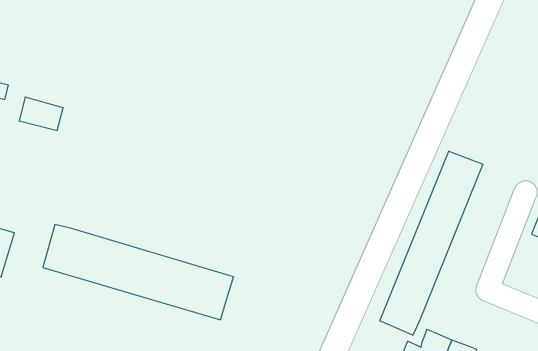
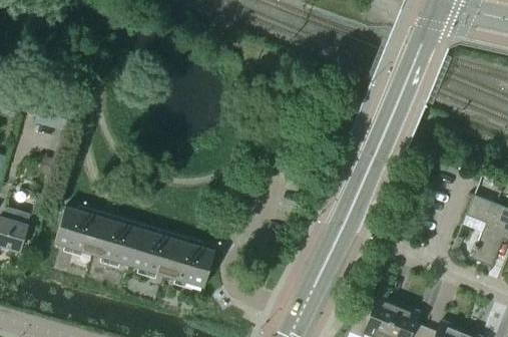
building: [380,151,483,335] -> none

